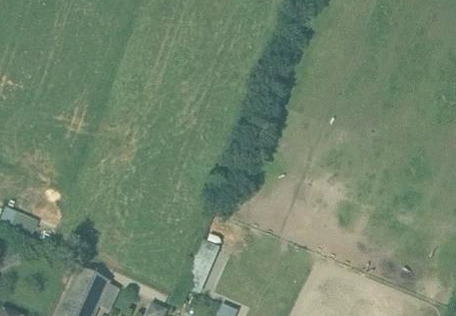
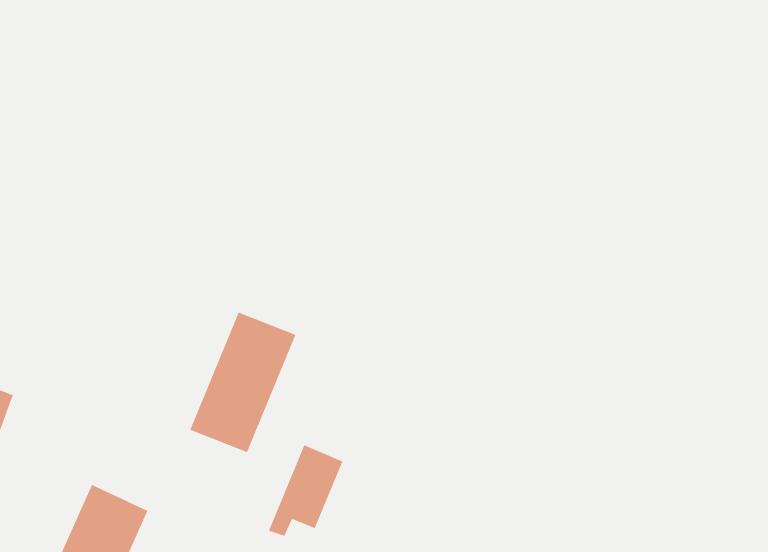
building: none -> [189,312,297,453]

